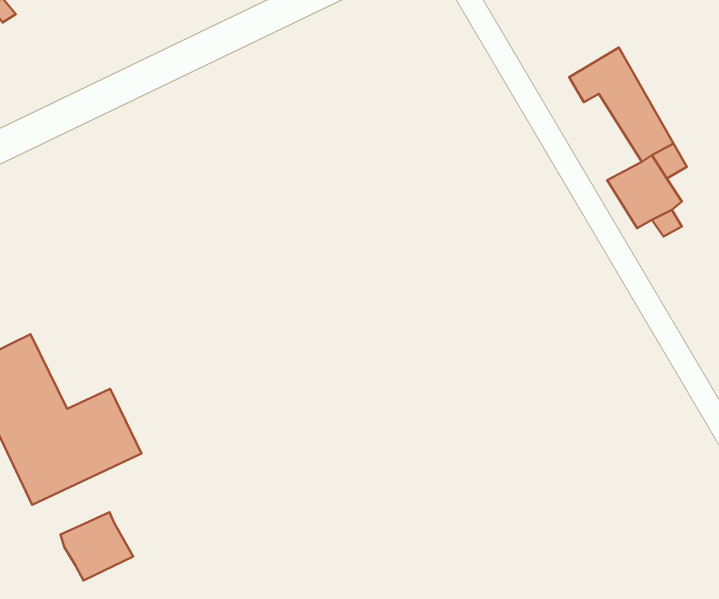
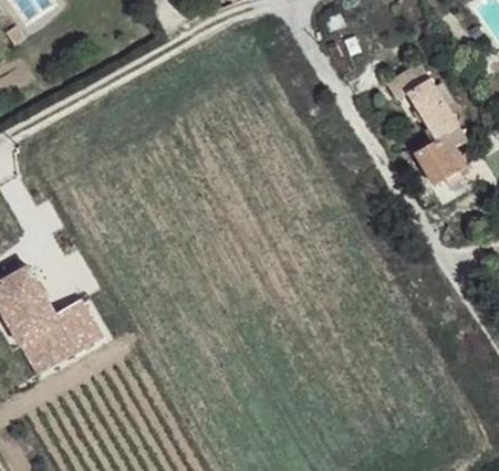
building: [60,512,133,580] -> none

